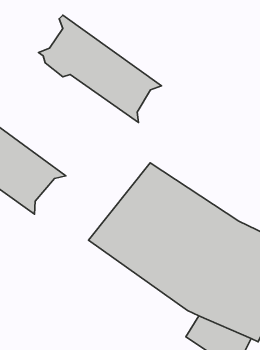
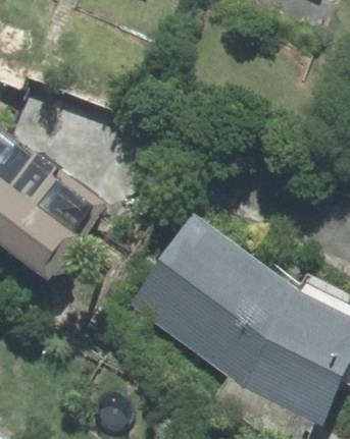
building: [39,15,161,123] -> none

